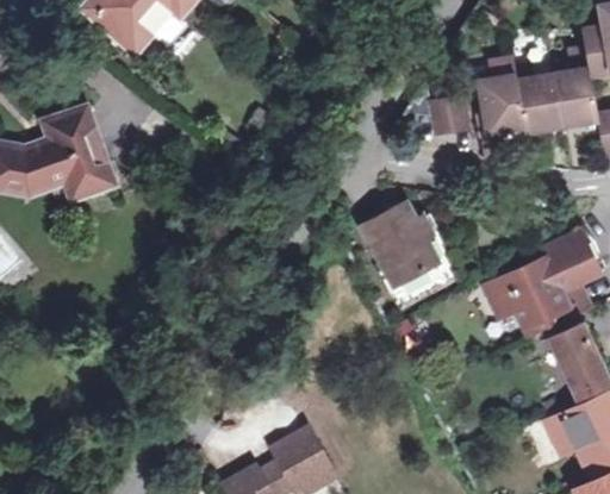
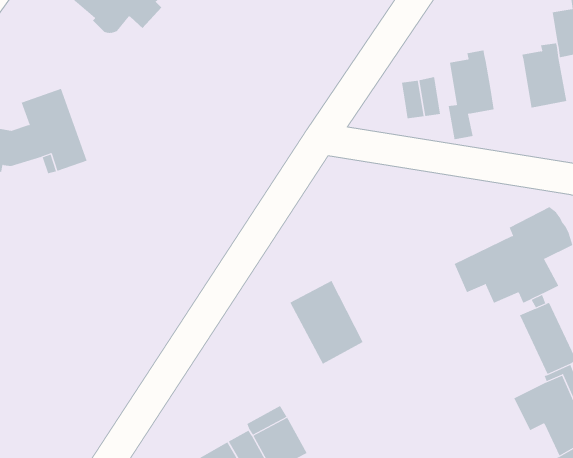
building: [516,70,562,133] -> none
building: [360,201,435,287] -> [290,280,363,364]

